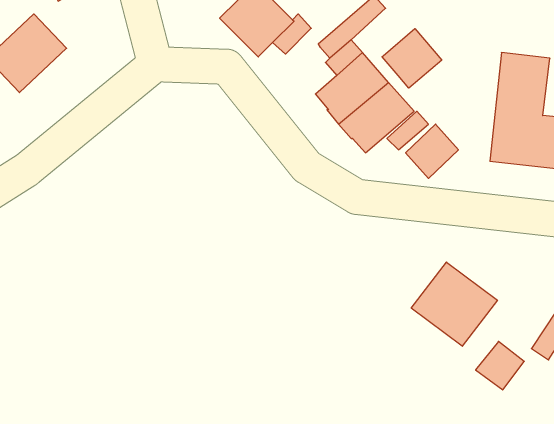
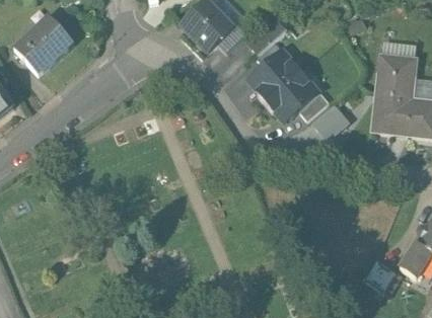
building: [382,29,442,88] -> none
building: [411,262,497,346] -> none

